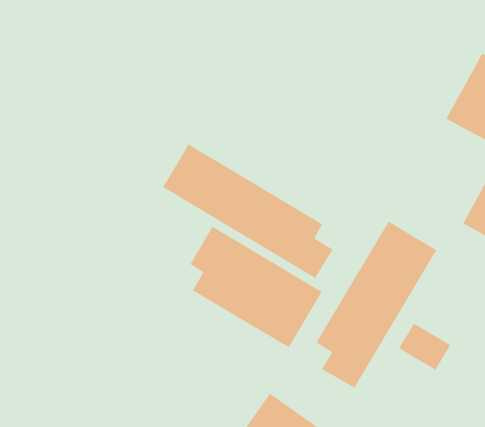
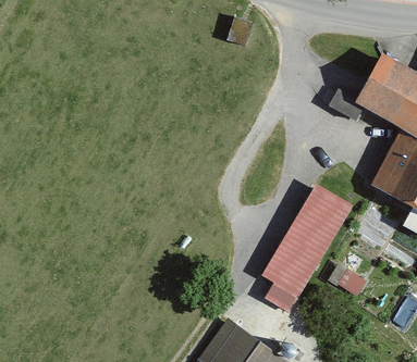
building: [162,144,333,279] -> none
building: [189,226,322,348] -> none

